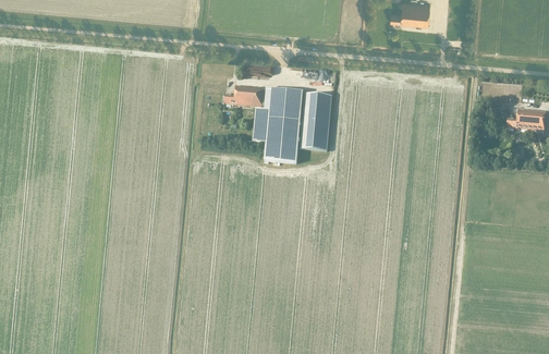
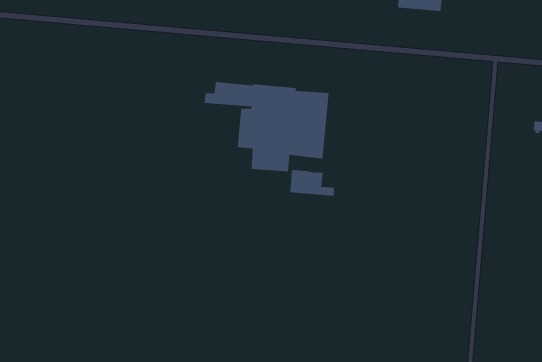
building: none -> [290,169,334,197]

